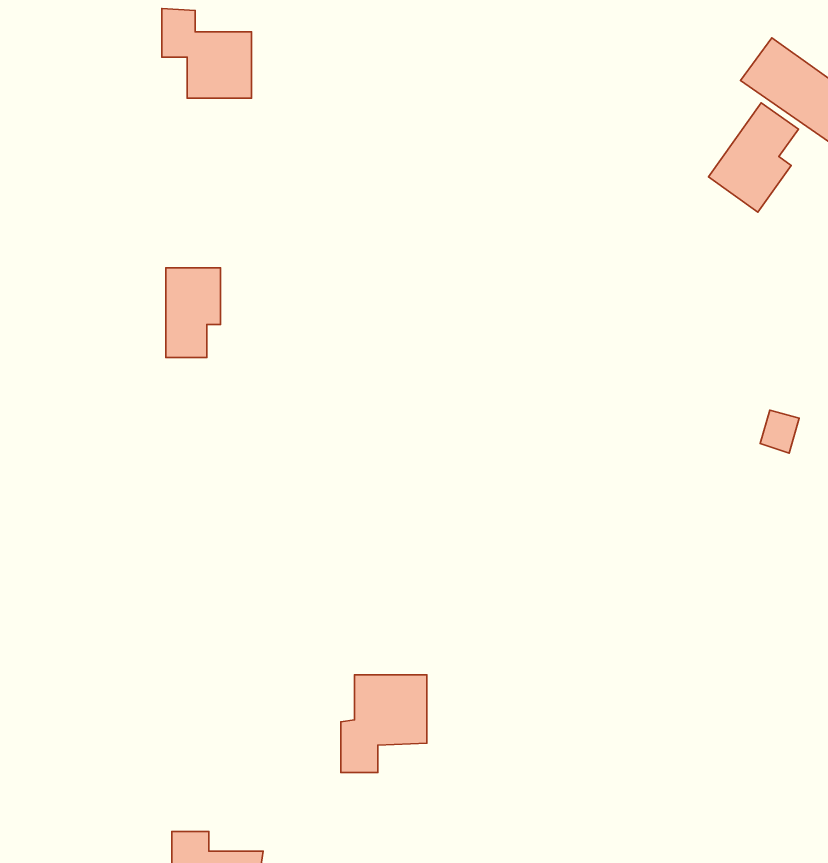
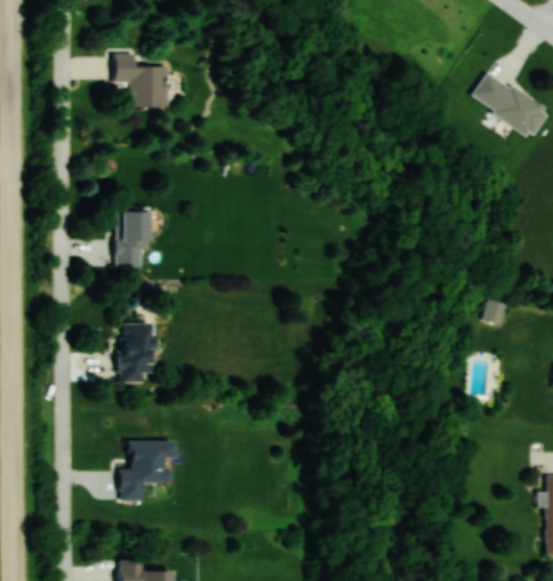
building: [708,103,798,212] -> none
building: none -> [120,322,156,383]
building: [341,675,427,772] -> [121,440,174,500]

